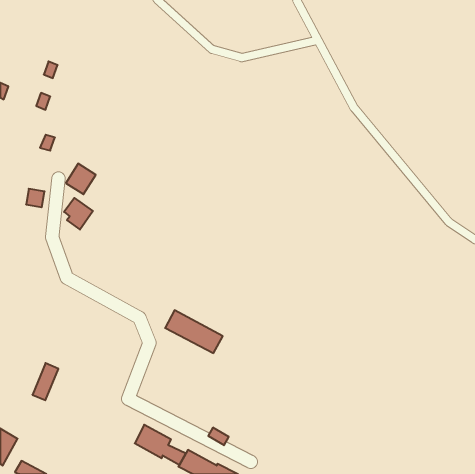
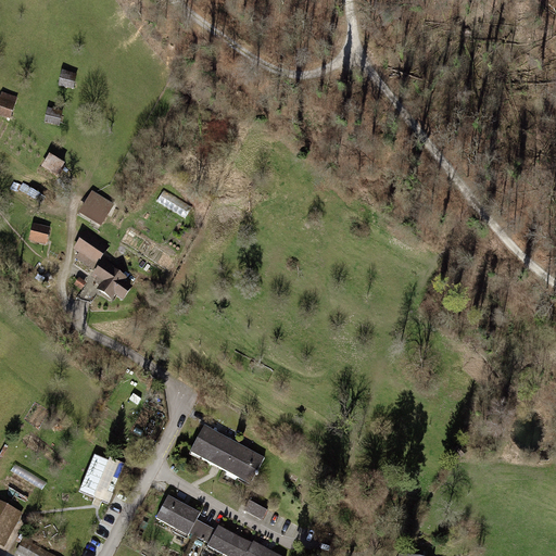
building: none -> [94,262,130,298]
building: [165,310,223,353] -> [190,429,257,479]
building: [32,363,58,400] -> [81,455,112,498]

